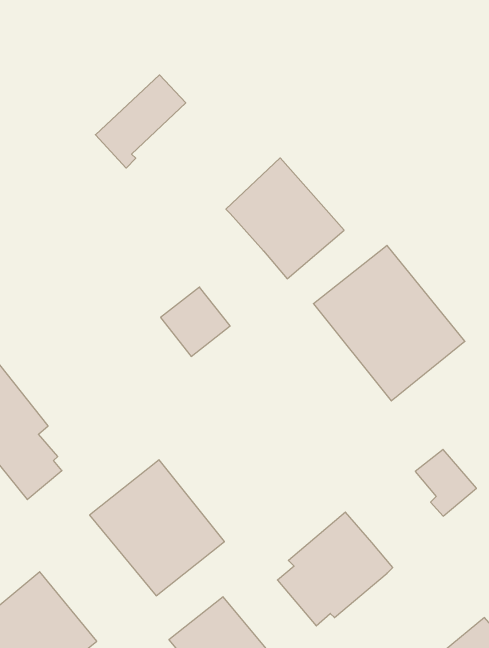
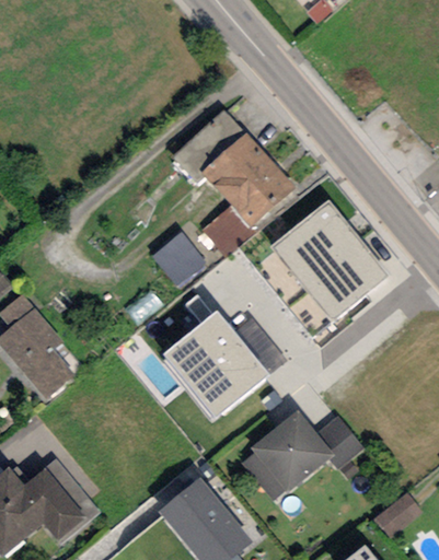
building: [95,75,186,168] -> [173,109,244,183]
building: none -> [200,205,255,259]
building: [415,449,476,516] -> [316,417,365,469]
building: [90,460,224,596] -> [162,310,268,417]

